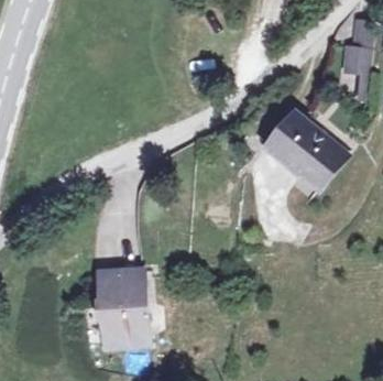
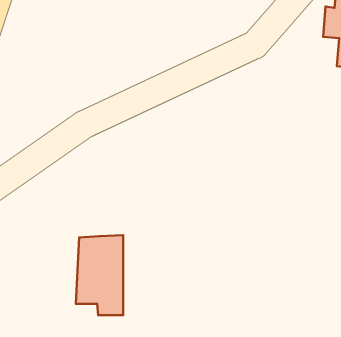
building: [274,119,337,184] -> none

